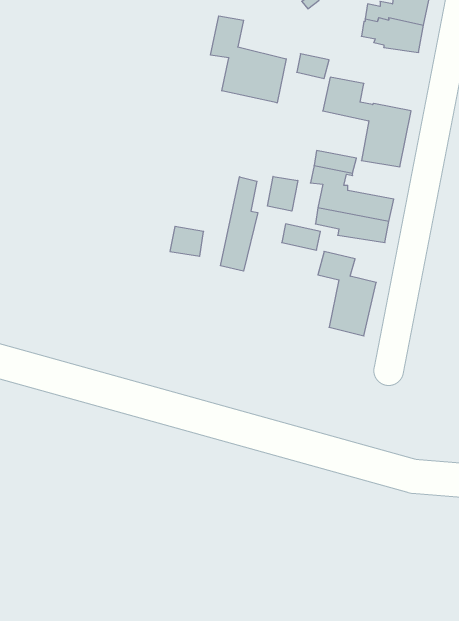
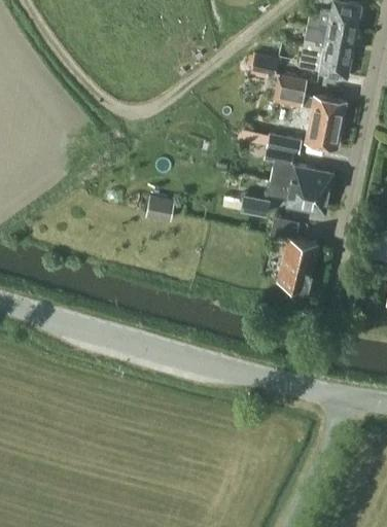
building: [211,16,286,103] -> none
building: none -> [300,39,352,77]
building: [268,176,298,211] -> none
building: [221,177,258,271] -> none

